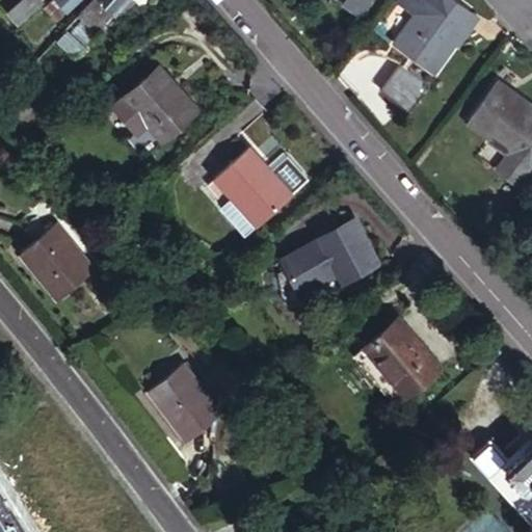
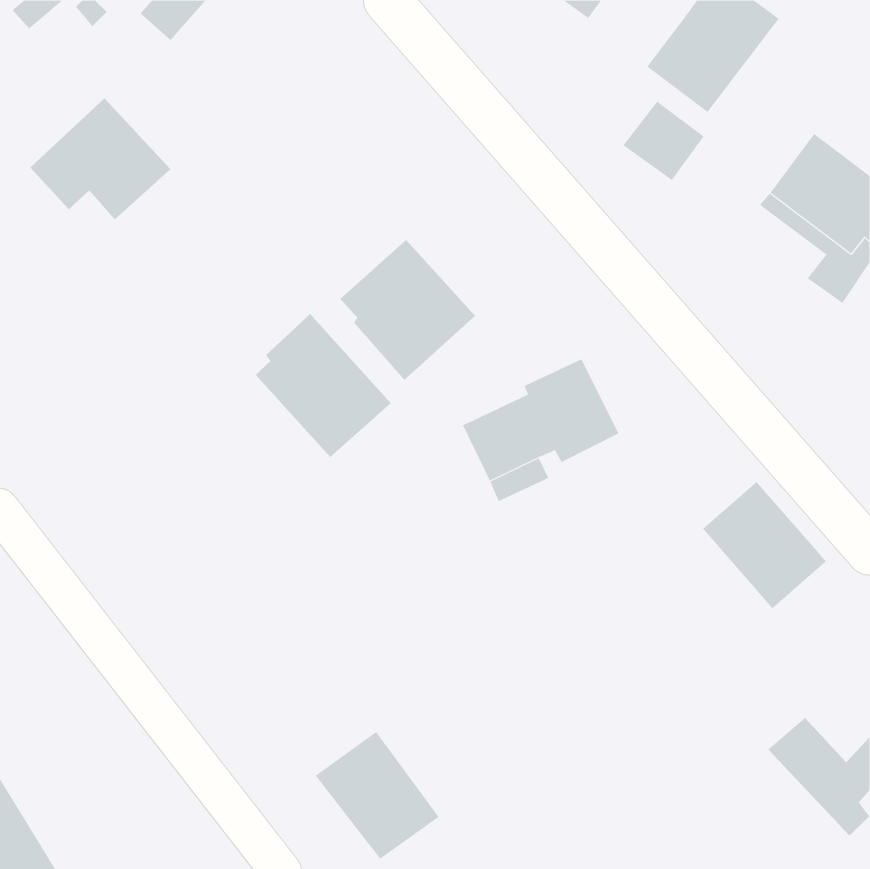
building: [112,65,198,140] -> [29,97,171,220]
building: none -> [255,313,391,458]
building: [26,231,100,307] -> none
building: [369,319,445,397] -> [702,481,827,609]
building: [155,365,231,443] -> [315,731,439,859]

